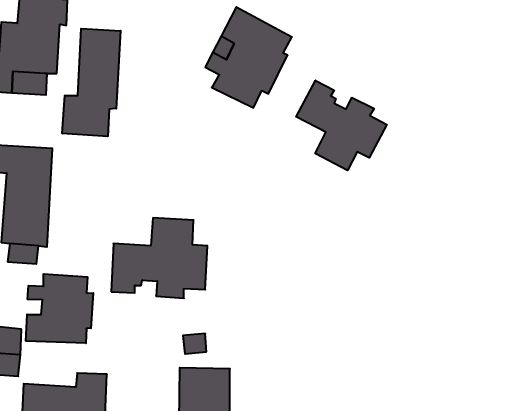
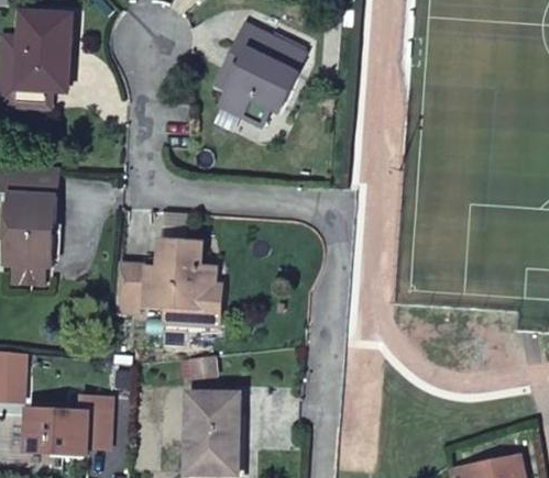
building: [62,29,121,136] -> none
building: [296,80,387,170] -> none
building: [26,274,93,343] -> none

